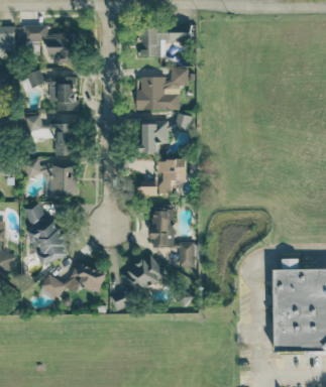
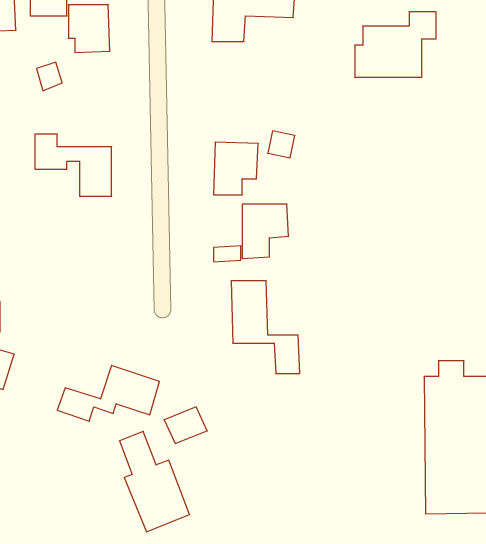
building: [135,68,187,109] -> [355,12,436,77]
building: [48,77,76,111] -> none
building: [24,159,77,196] -> none
building: [23,202,68,265] -> [119,431,190,532]
building: [121,254,165,294] -> none

